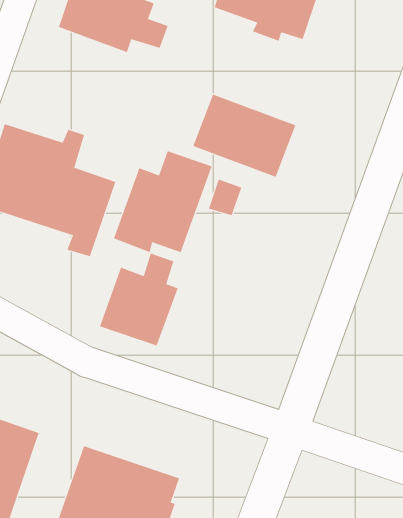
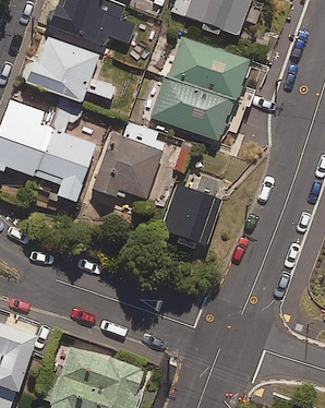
building: none -> [24,34,116,105]
building: none -> [169,37,248,100]
building: [99,253,178,346] -> [161,173,222,245]

